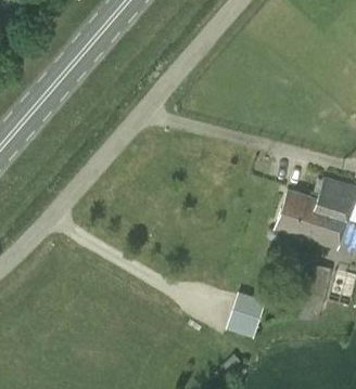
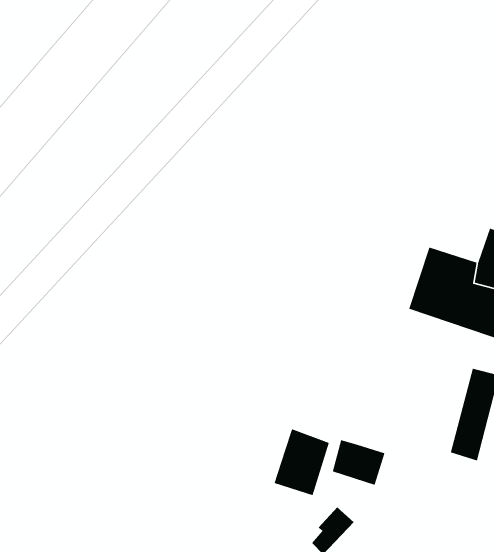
building: none -> [274,428,330,496]

